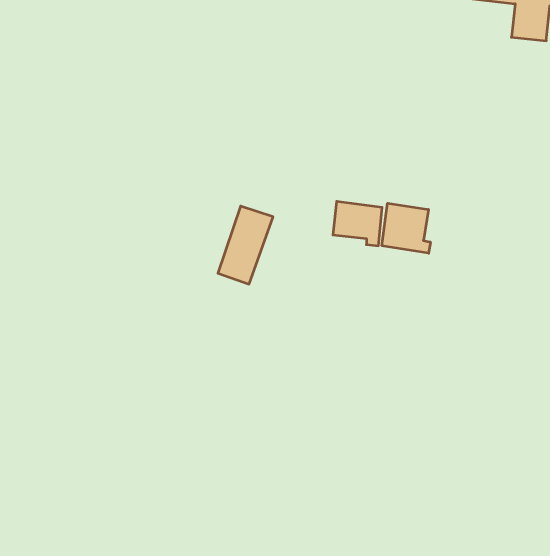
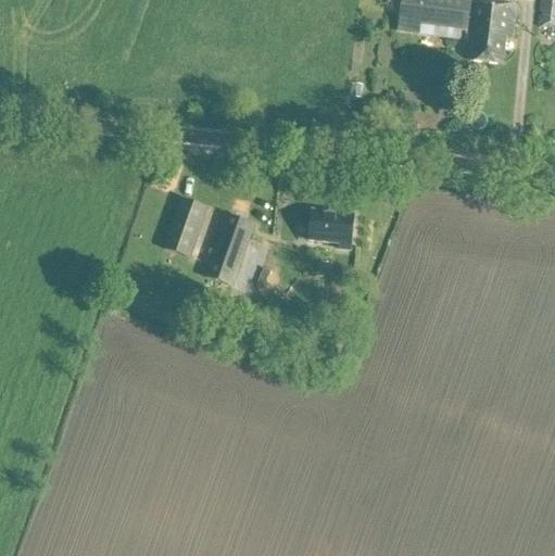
building: none -> [164,198,210,257]
building: [382,203,430,253] -> none

